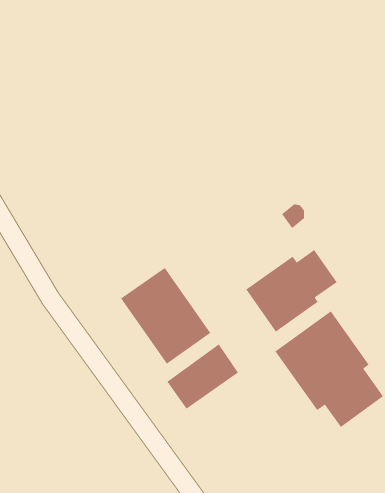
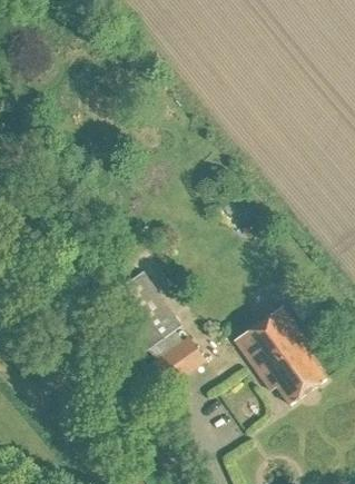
building: [246,249,337,332] -> none

